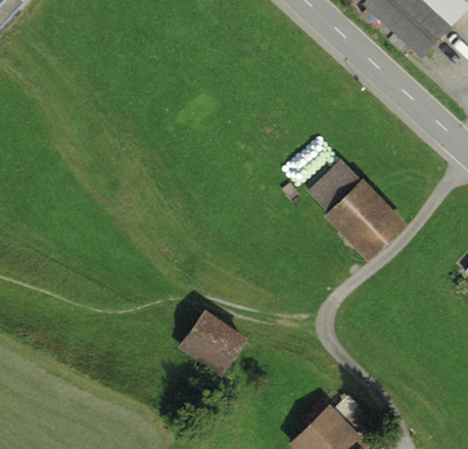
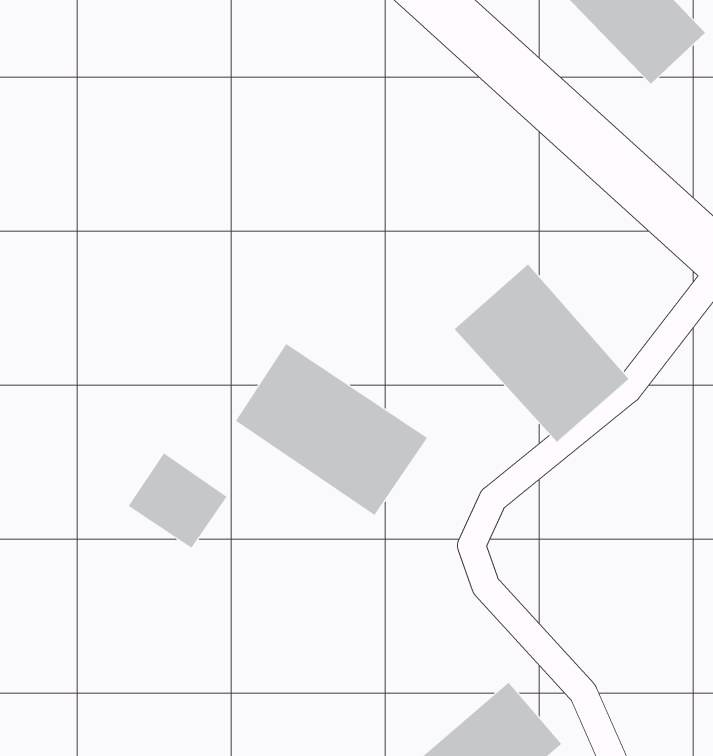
building: none -> [235,343,428,516]
building: [180,315,237,370] -> [128,453,227,548]

